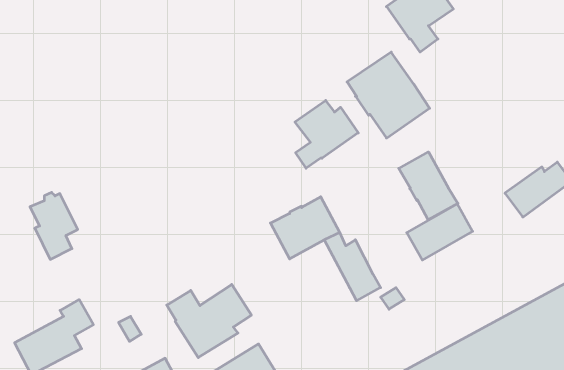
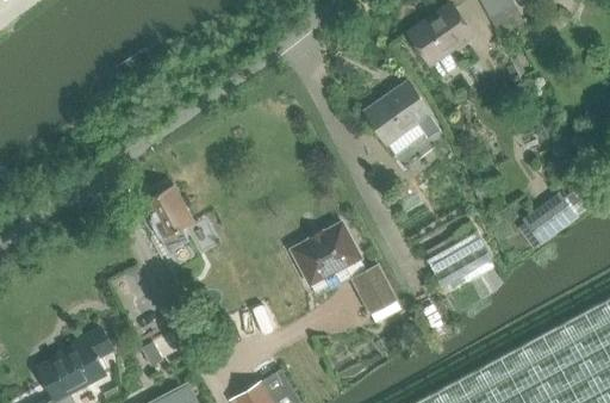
building: [295,100,358,168] -> none
building: [399,152,458,220] -> none
building: [30,192,78,259] -> [144,185,192,252]
building: [167,284,251,358] -> none

